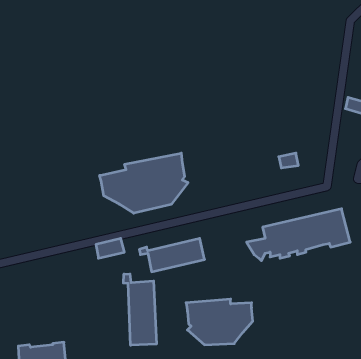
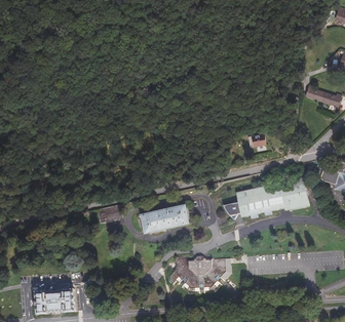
building: [100,153,188,213] -> none
building: [123,274,156,345] -> none

